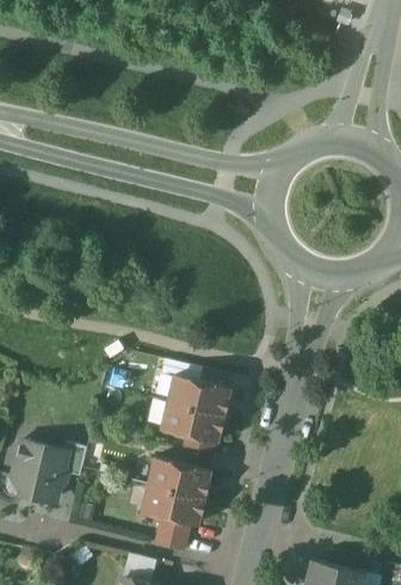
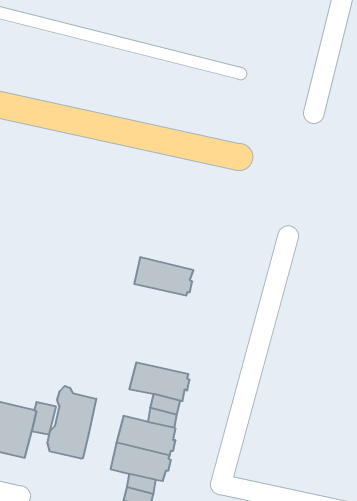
building: [168,374,229,413] -> [134,257,193,296]
building: none -> [47,386,96,459]

